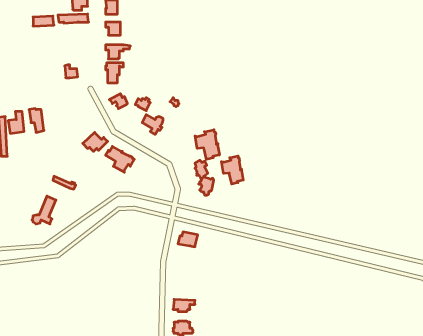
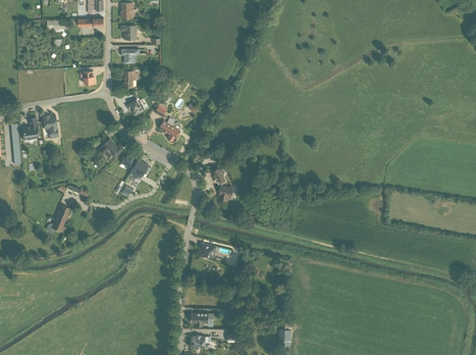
building: [195,130,219,159] -> none
building: [221,156,243,184] -> none

